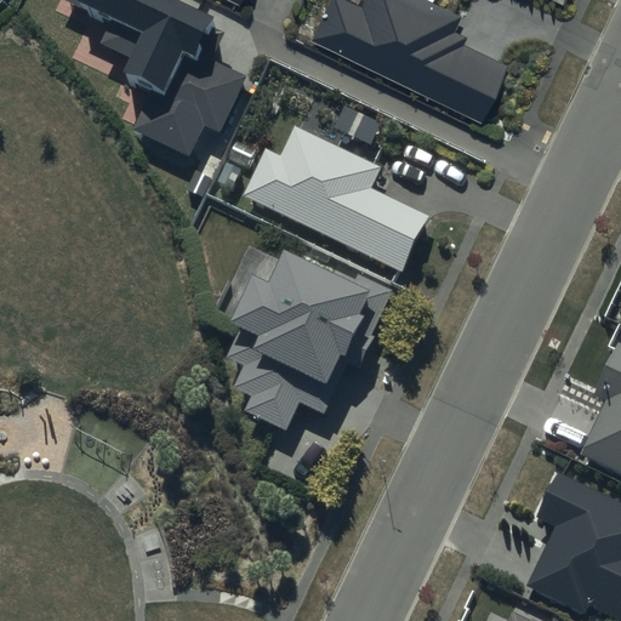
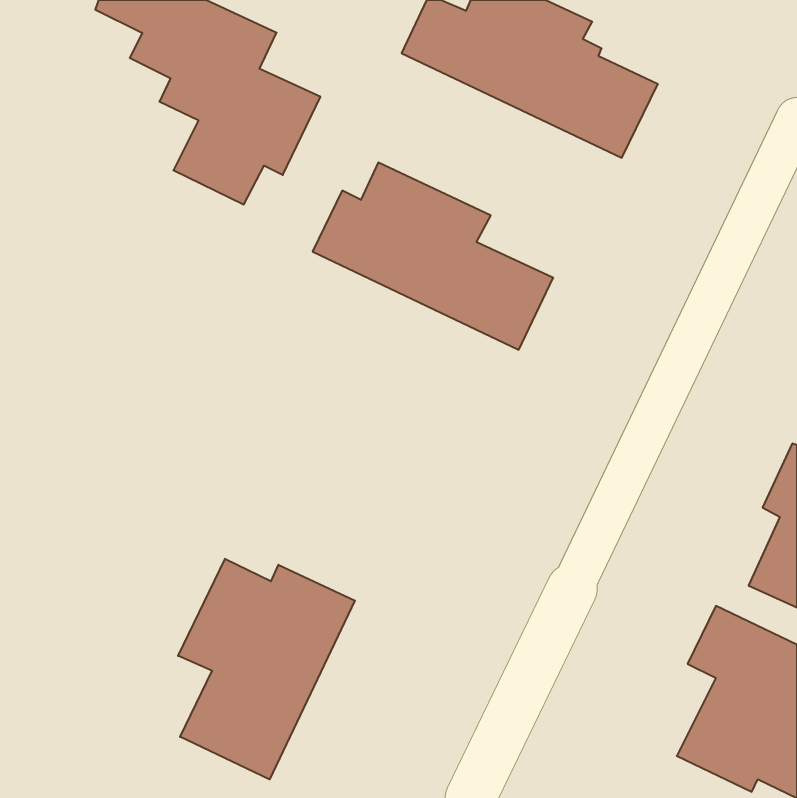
building: [224,251,394,429] -> none
building: none -> [178,559,355,779]

